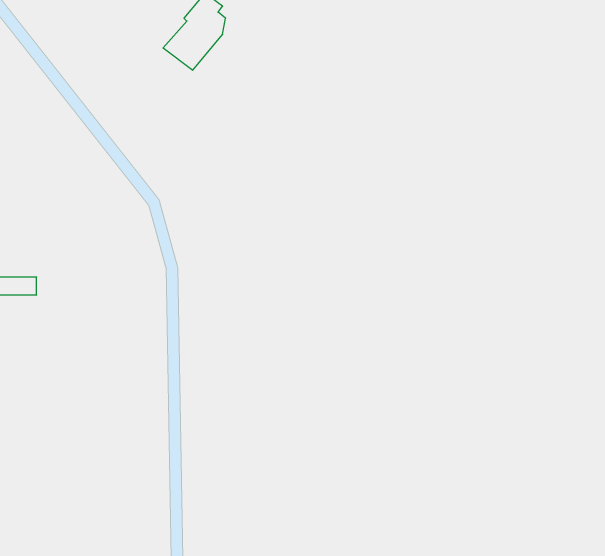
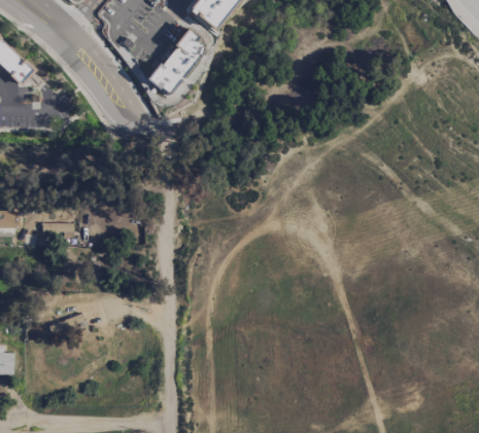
building: none -> [147,64,180,95]

